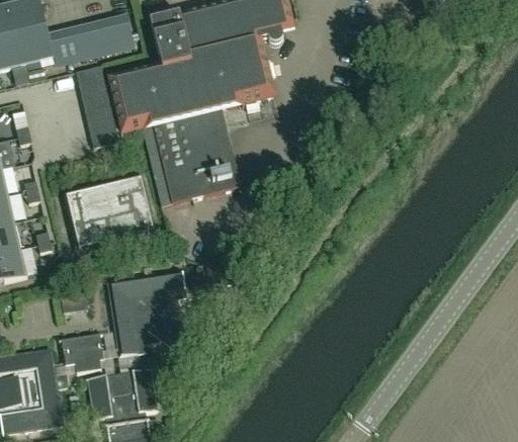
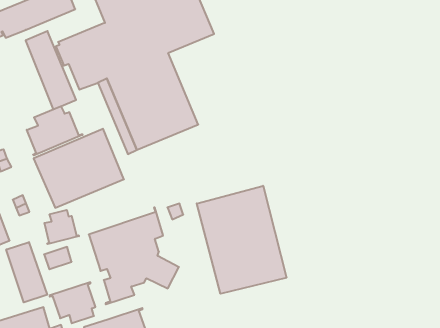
building: none -> [27,106,83,155]
building: none -> [44,210,79,244]
building: none -> [197,186,286,294]
building: none -> [6,242,47,302]

